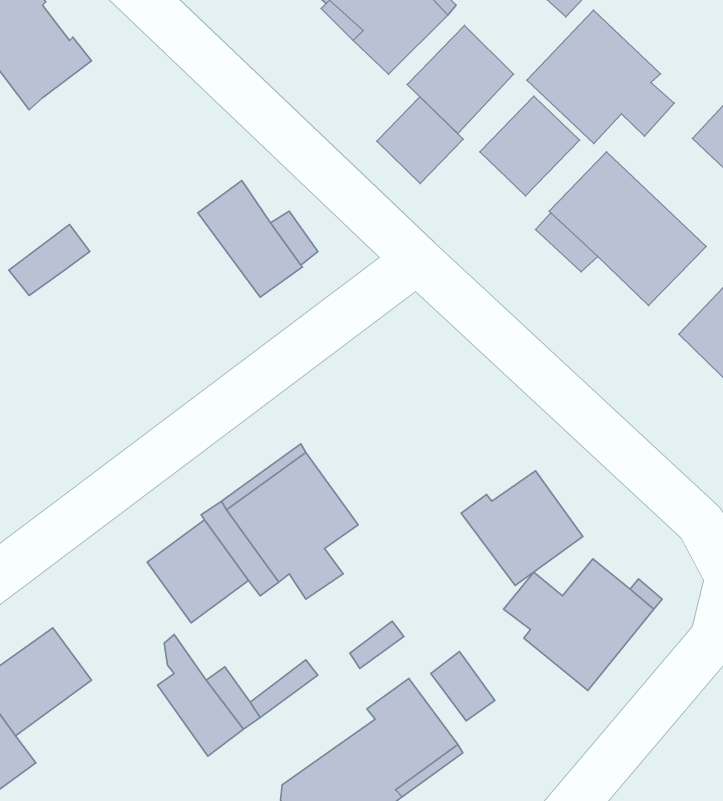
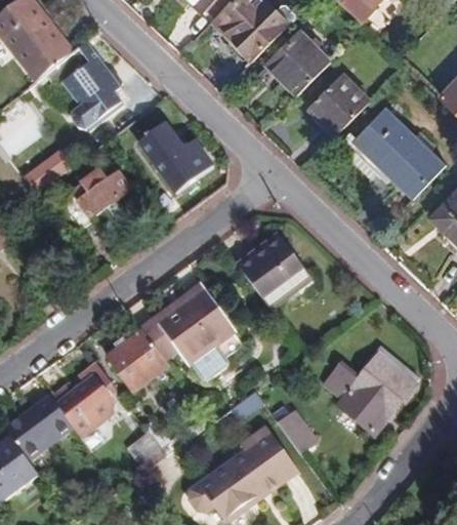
building: [527,10,674,144] -> none
building: none -> [43,41,123,130]
building: [377,97,463,183] -> none
building: none -> [59,170,131,228]
building: [461,471,583,586] -> [237,239,310,309]
building: none -> [49,362,113,436]

